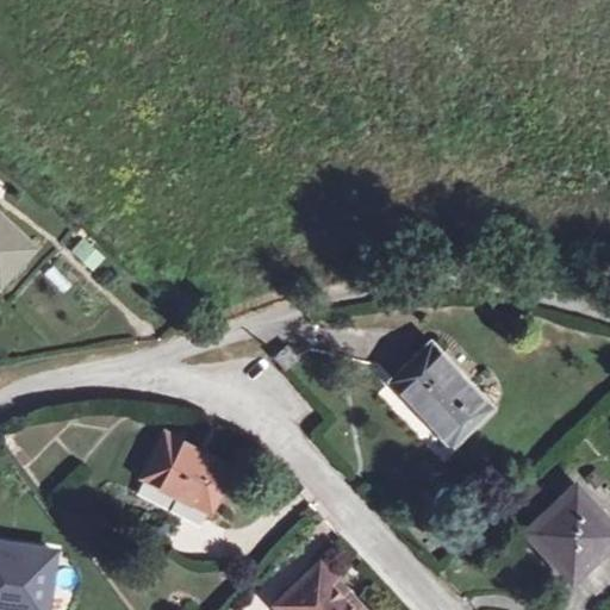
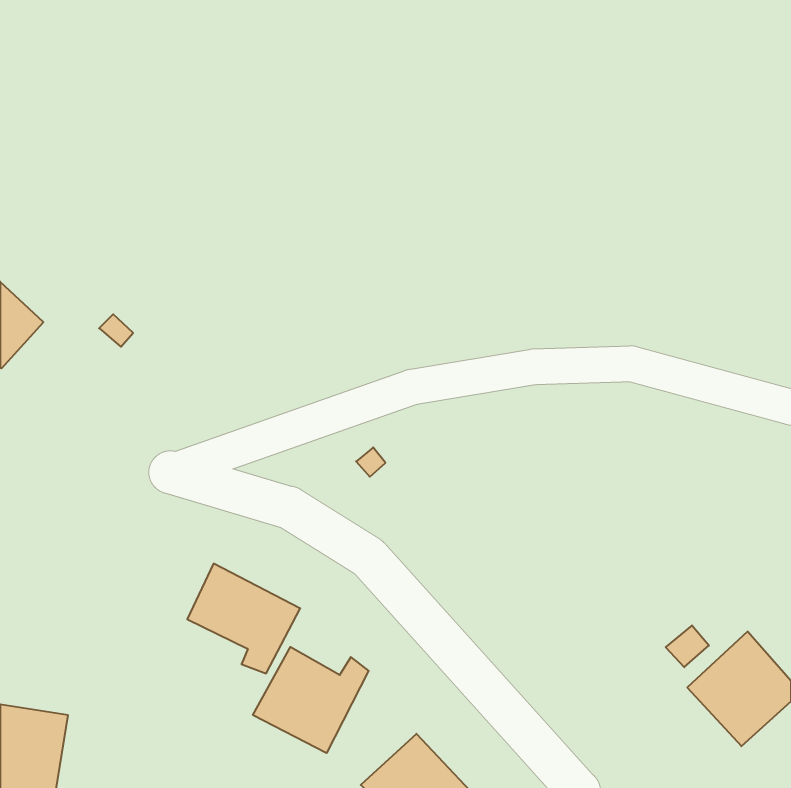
building: [390,343,491,447] -> none
building: none -> [253,647,369,753]

